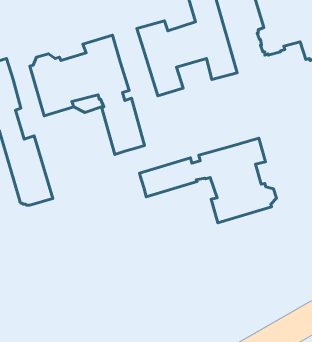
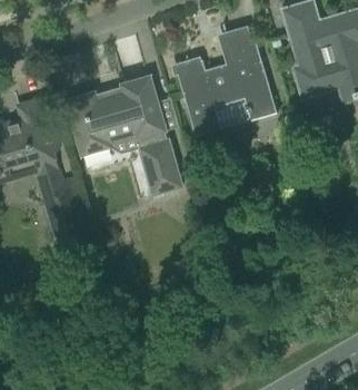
building: [139,138,276,223] -> none

